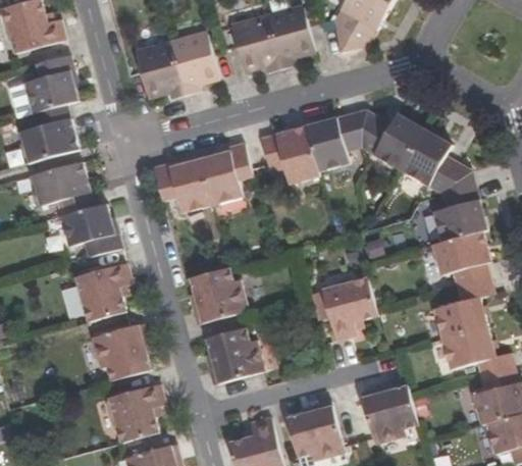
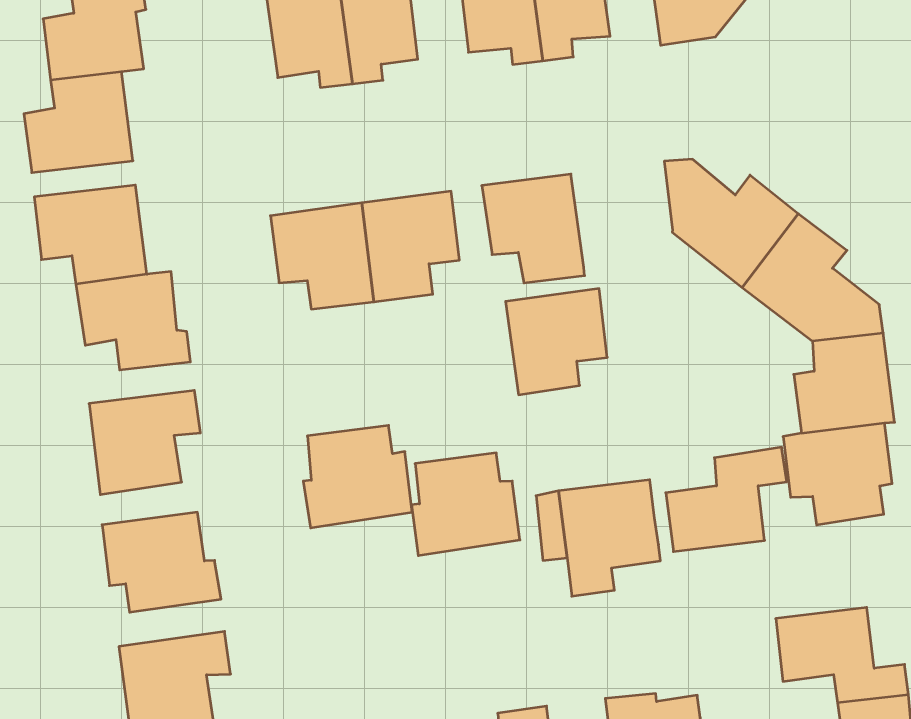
building: [305,111,361,171] -> [506,289,607,395]
building: [433,276,494,338] -> [666,447,787,552]
building: [205,326,264,384] -> [411,453,520,556]

